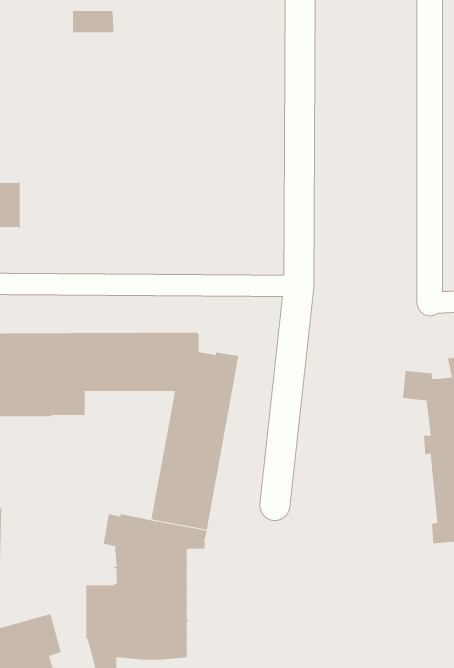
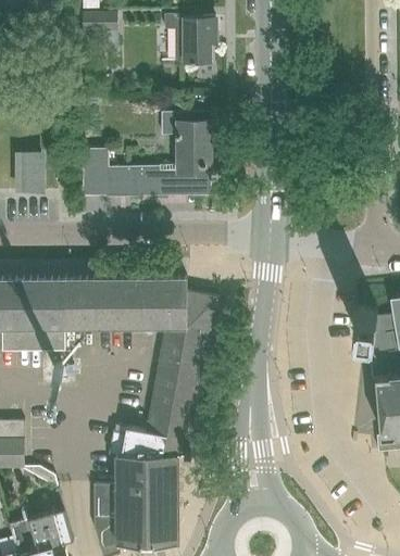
building: none -> [163,11,216,61]
building: none -> [82,112,211,198]

